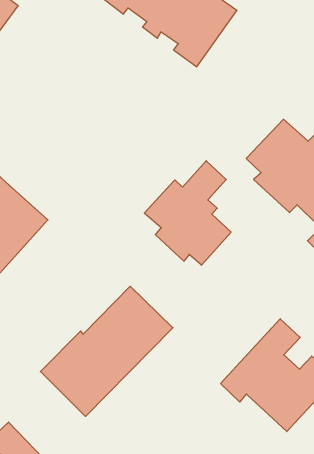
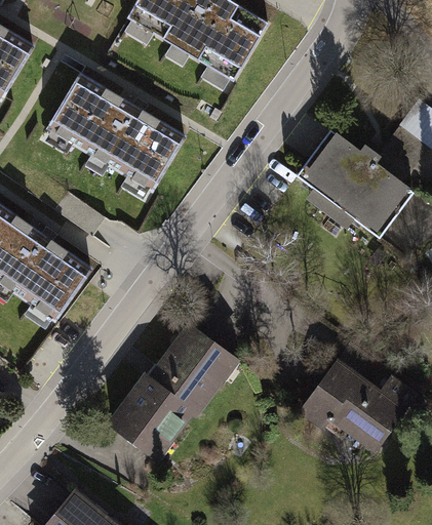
building: none -> [40,72,184,197]
building: [144,161,231,265] -> none

